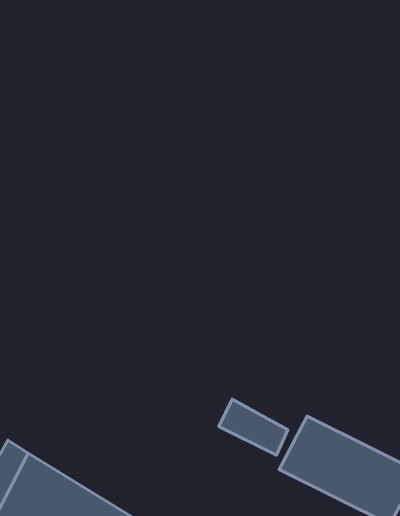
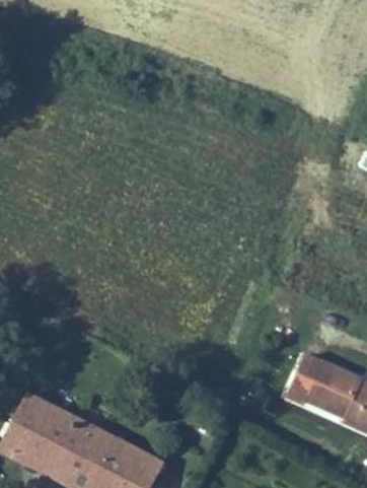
building: [219,399,288,455] -> none

